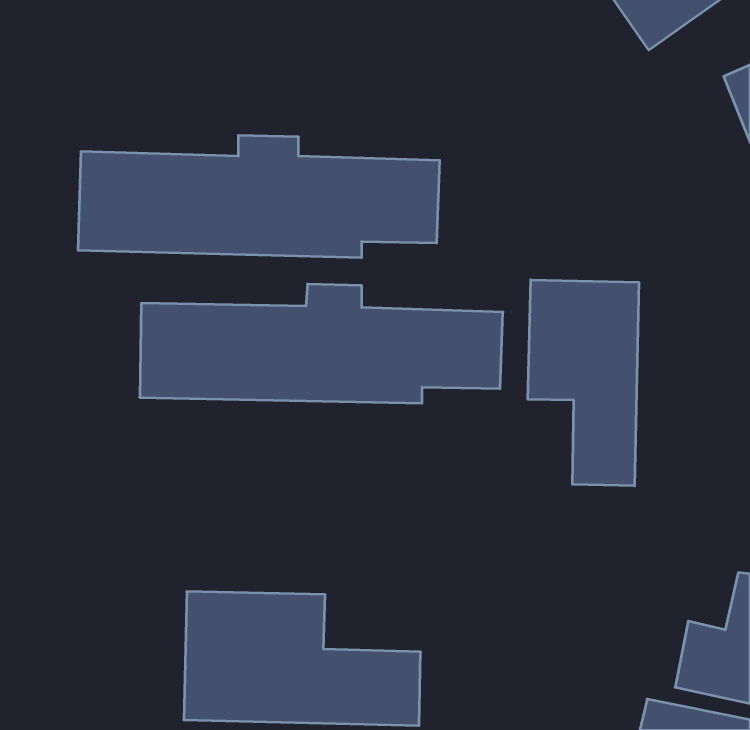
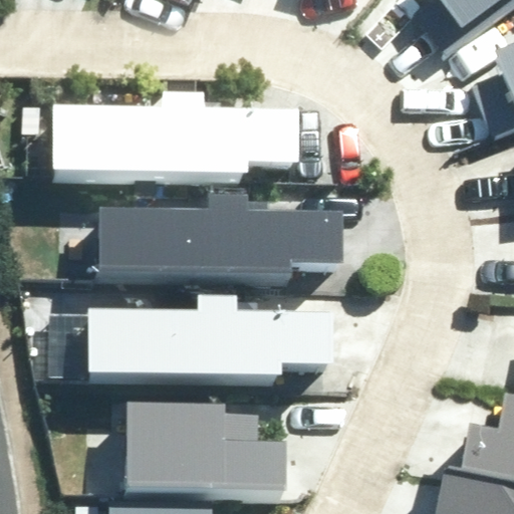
building: [528,280,639,486] -> none
building: none -> [90,293,333,382]

